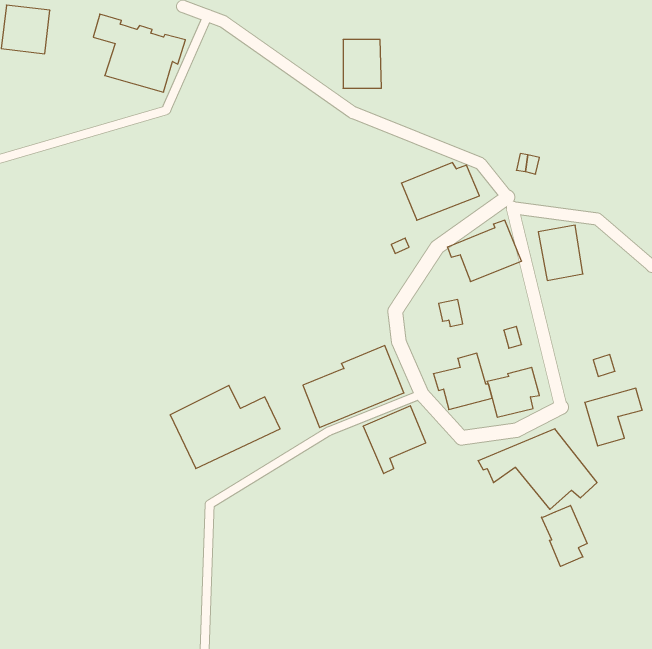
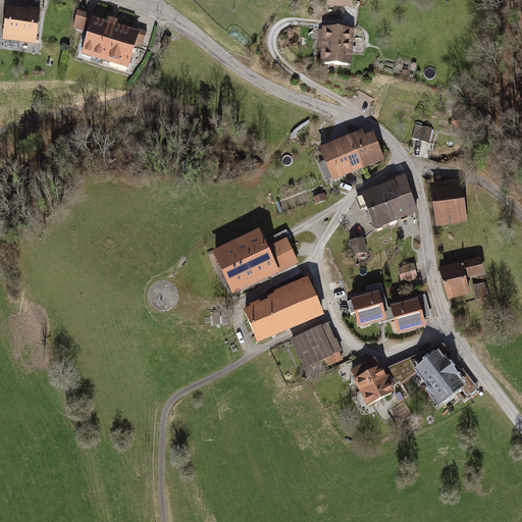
building: [343,40,381,88] -> [319,25,350,64]
building: [170,385,280,469] -> [210,226,298,293]
building: [585,388,642,446] -> [440,257,486,303]
building: none -> [349,355,395,407]
building: [542,505,587,566] -> none

